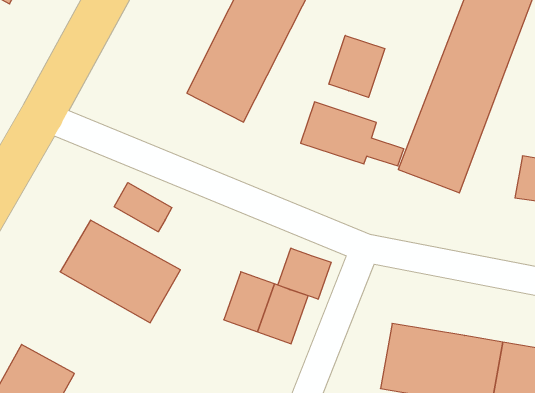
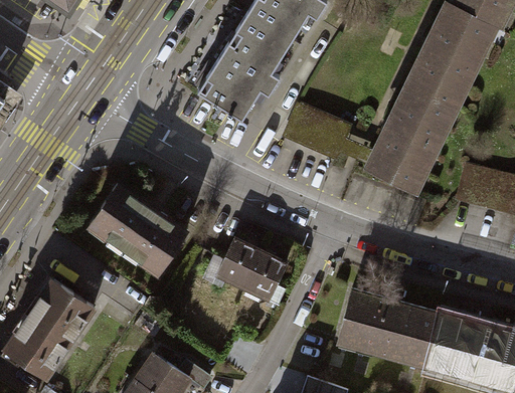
building: [329,35,385,97] -> none
building: [114,183,172,232] -> none
building: [278,248,331,299] -> none

